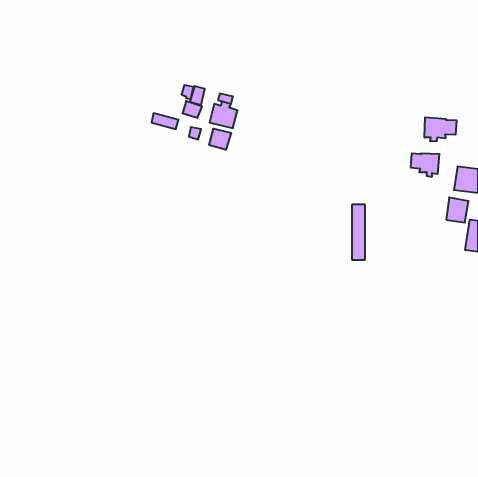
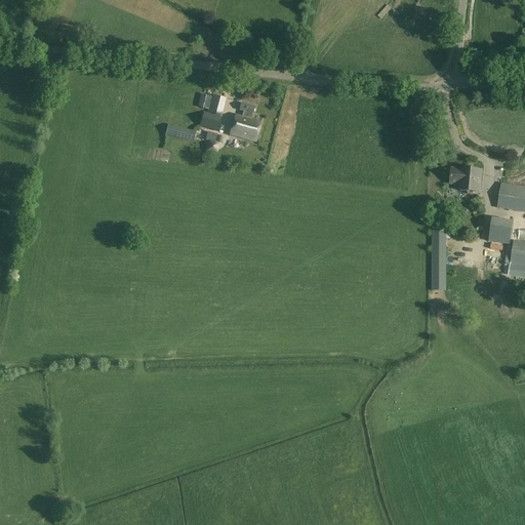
building: [424,117,457,141] -> none
building: [209,129,231,150] -> none
building: [352,205,365,260] -> [432,230,446,290]

